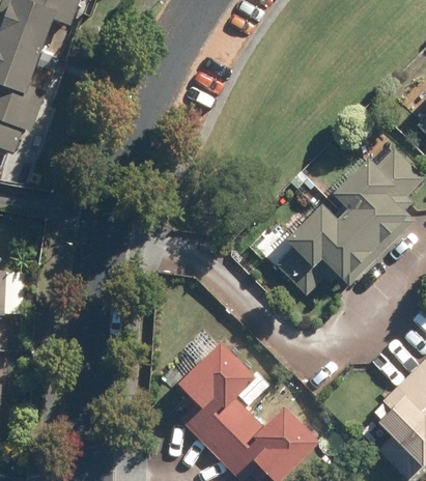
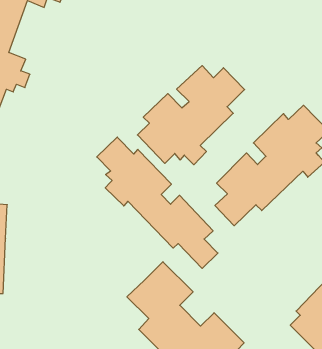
building: none -> [137,66,245,165]
building: none -> [97,137,218,268]

